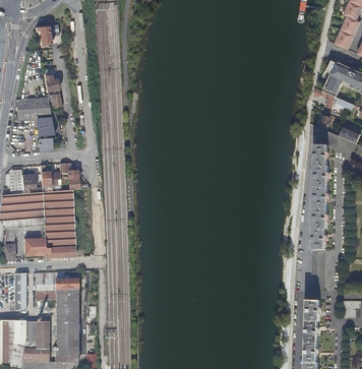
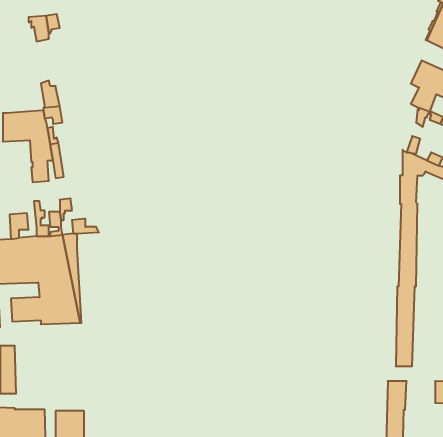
building: [36,271,77,318] -> none

